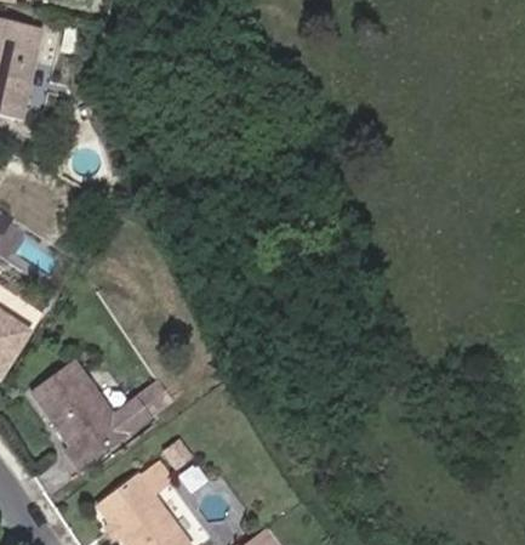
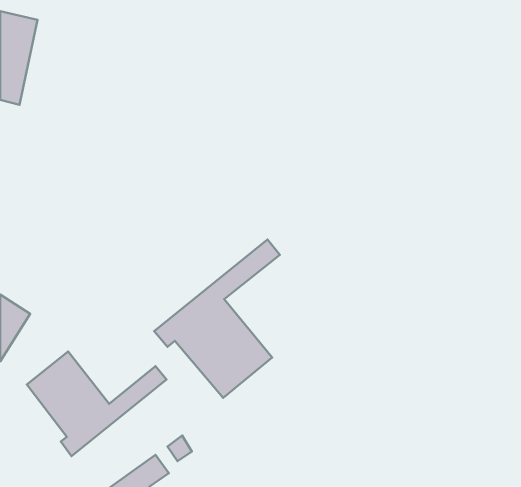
building: none -> [154,239,280,398]

